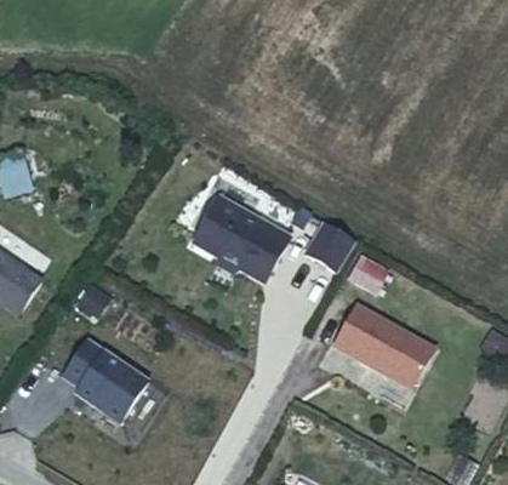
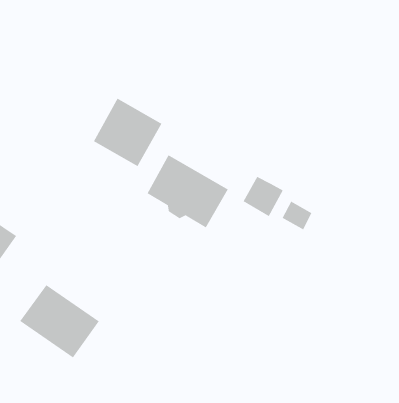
building: none -> [93,97,162,167]
building: [337,306,434,386] -> none

